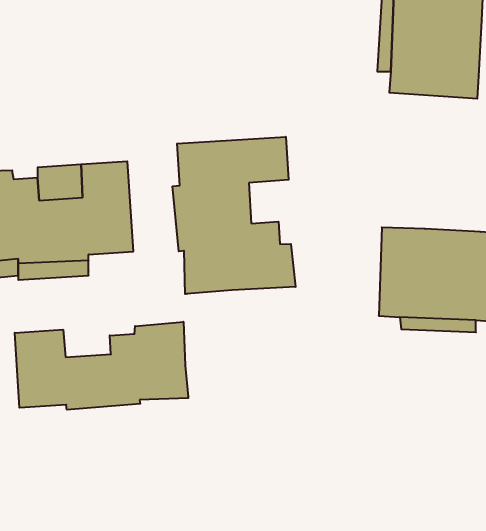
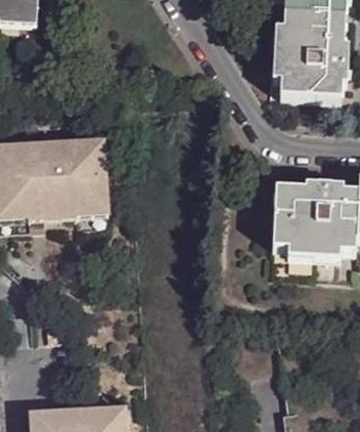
building: [173,137,296,294] -> none
building: [15,322,188,410] -> none

